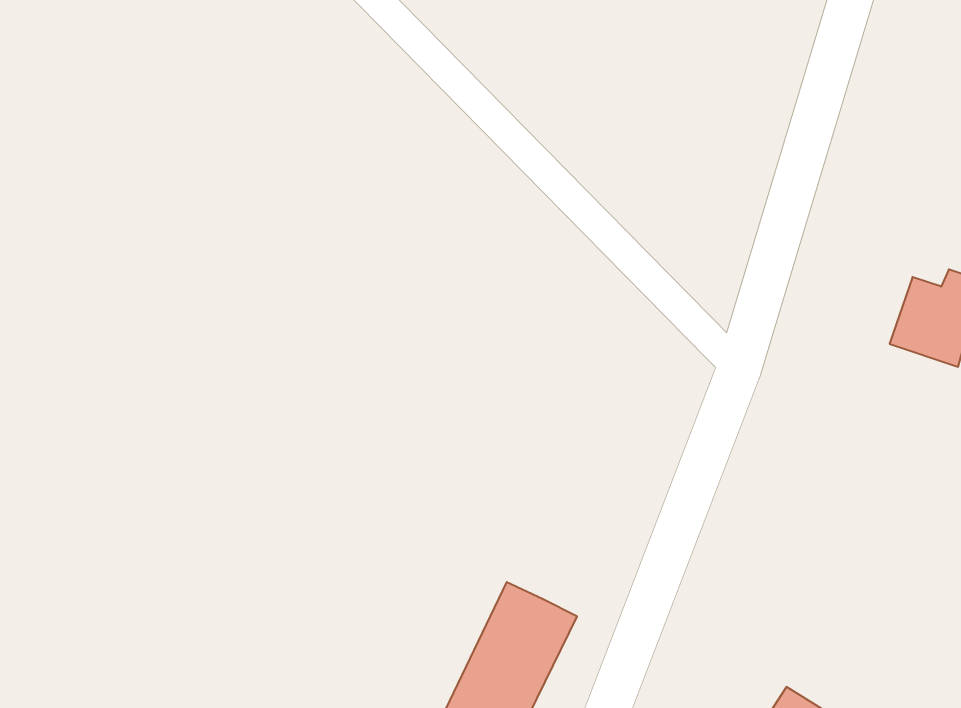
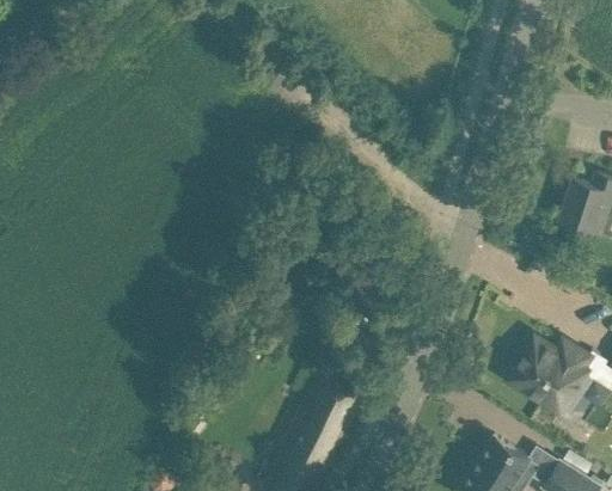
building: none -> [508,343,592,417]

